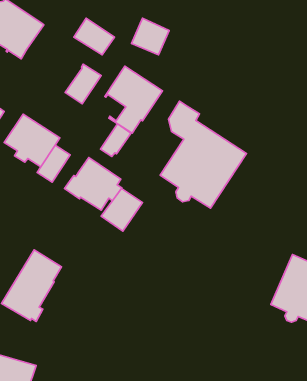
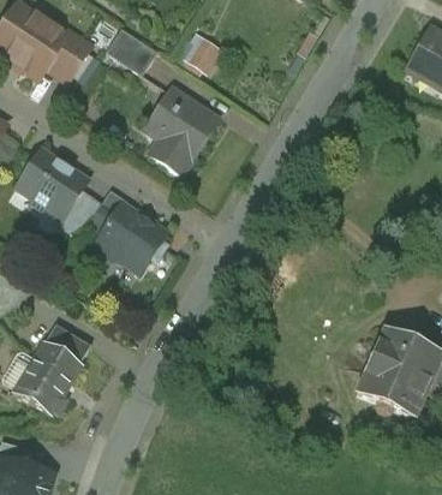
building: [65,64,101,104] -> [46,31,91,82]
building: [160,101,246,208] -> none
building: [101,124,131,157] -> [88,191,126,233]
building: [101,188,143,231] -> none

